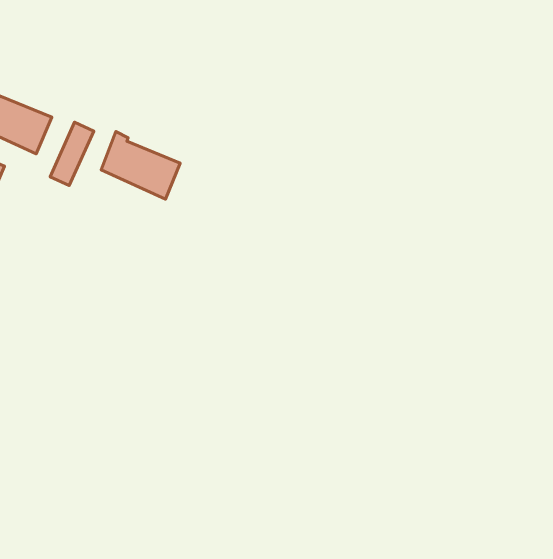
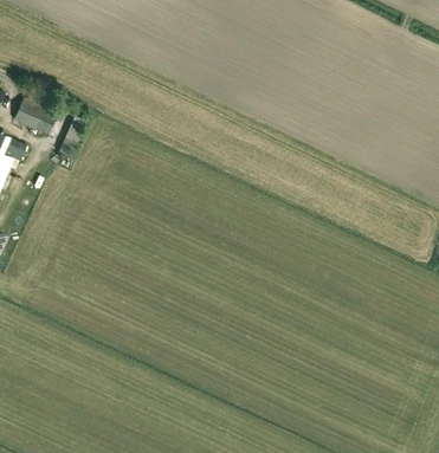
building: [101,131,180,199] -> none

